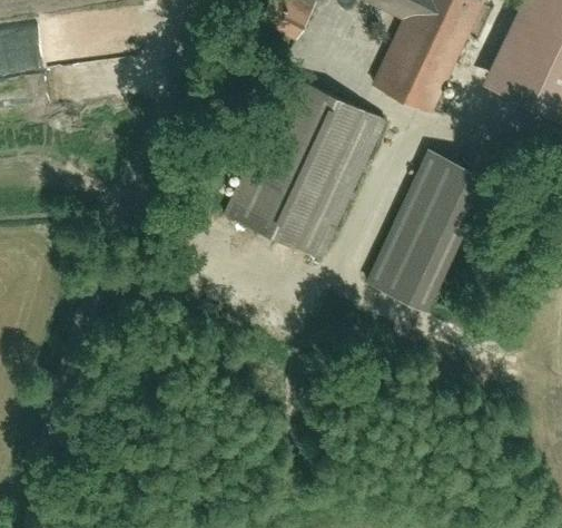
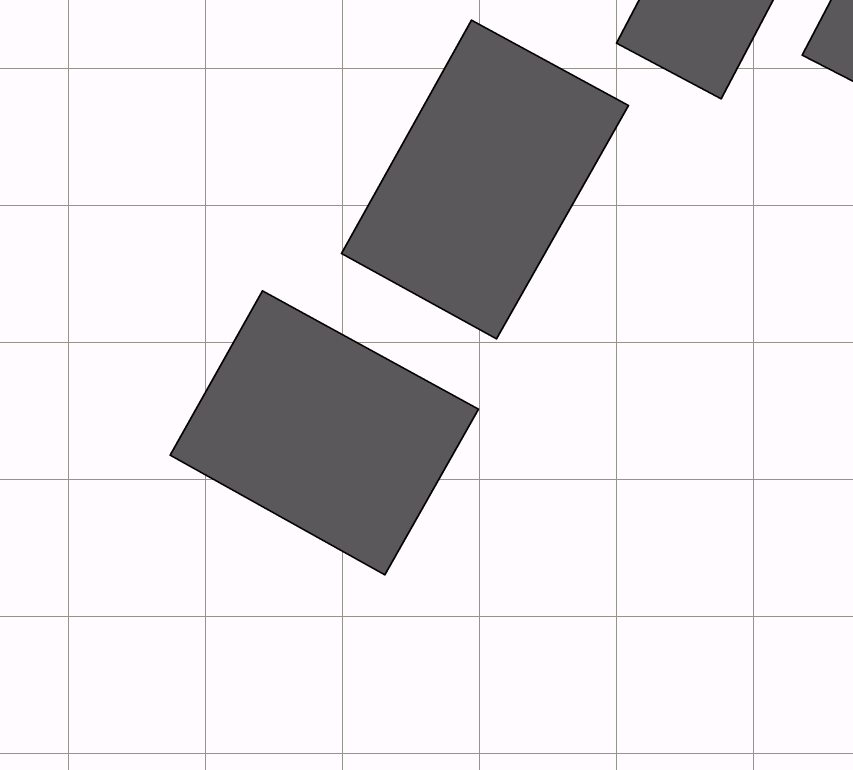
building: [367,150,486,309] -> none
building: none -> [170,291,479,575]

